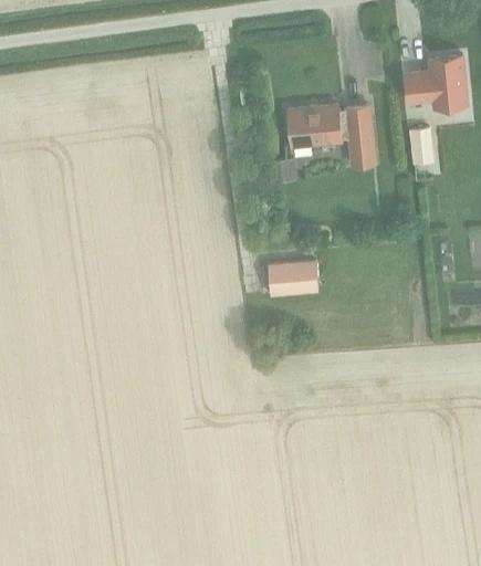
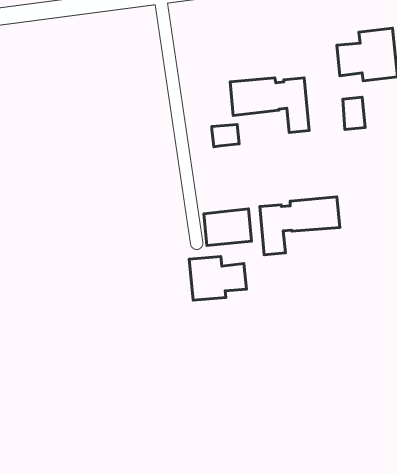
building: none -> [260,197,340,255]
building: none -> [189,257,246,300]

